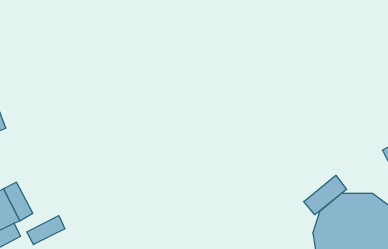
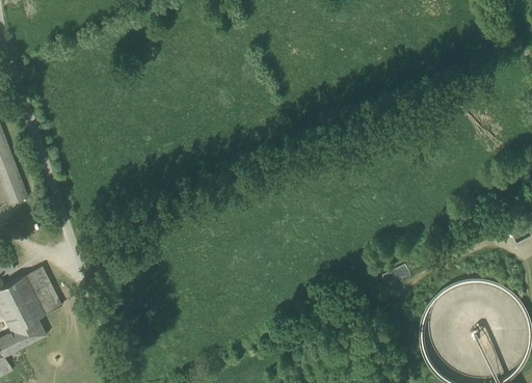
building: [304,175,347,215] -> none
building: [27,216,65,245] -> none

